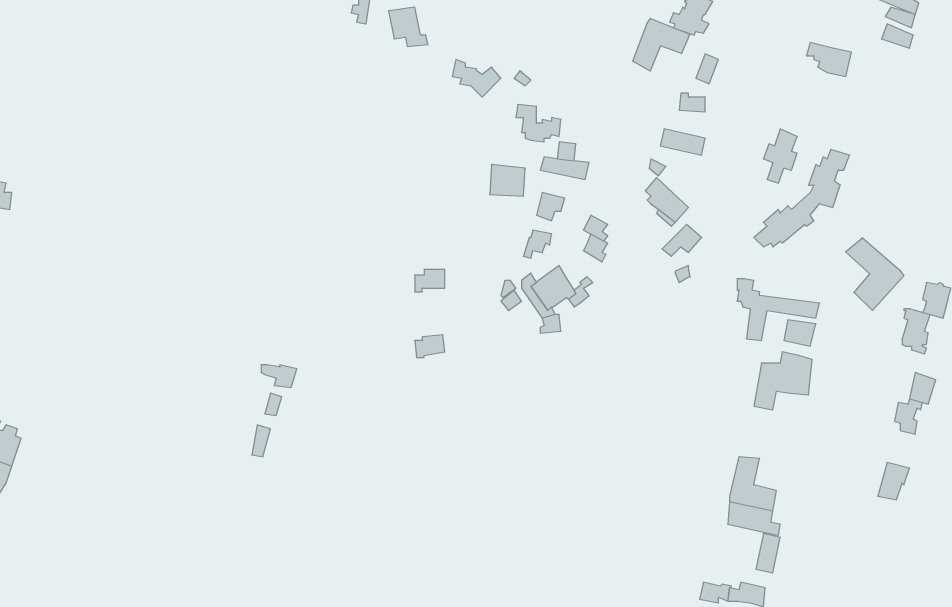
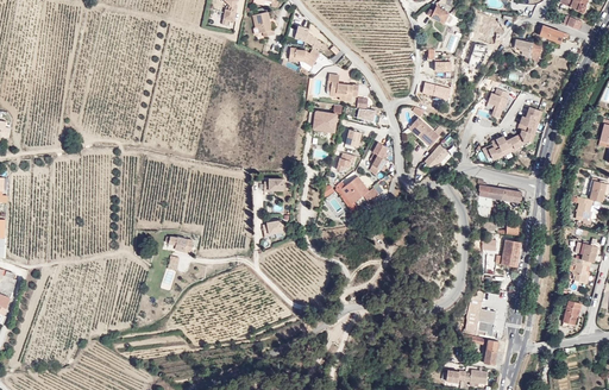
building: [633,18,690,71] -> none
building: [846,238,904,310] -> none

